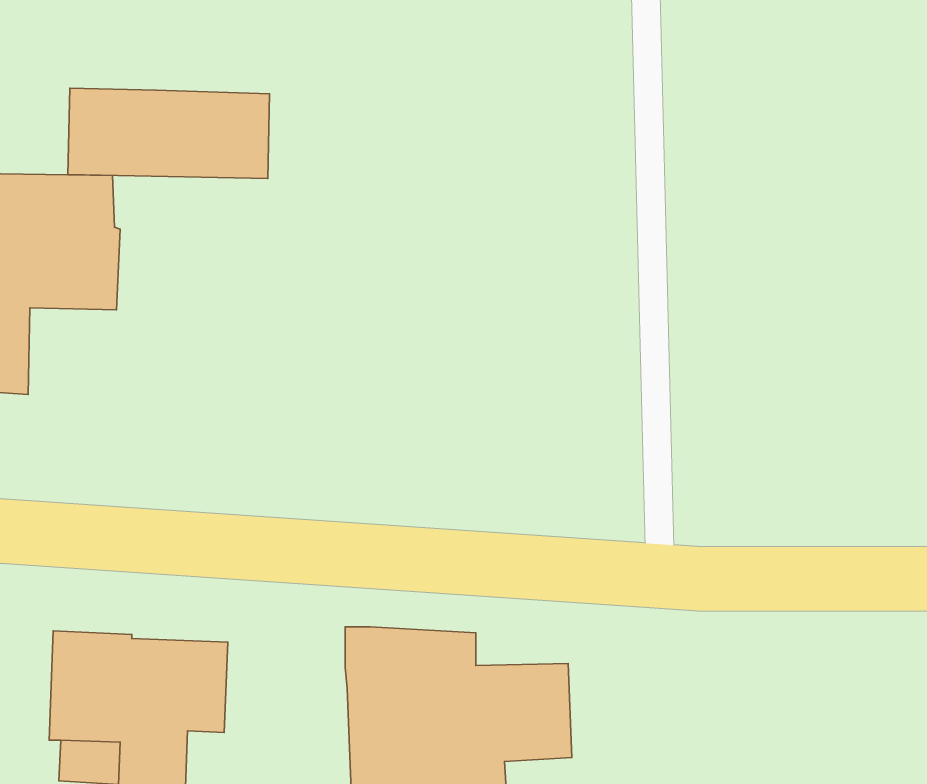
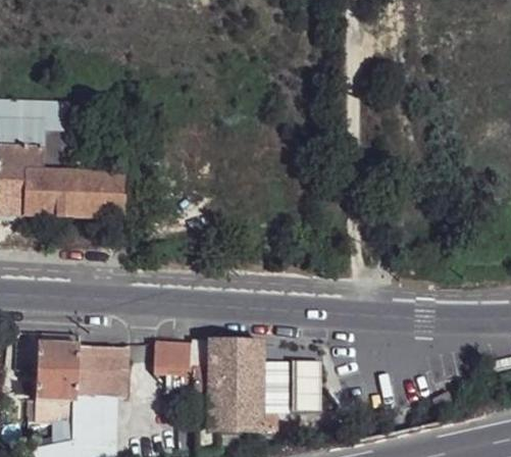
building: [68,88,270,178] -> [21,169,129,217]
building: none -> [152,339,191,371]

